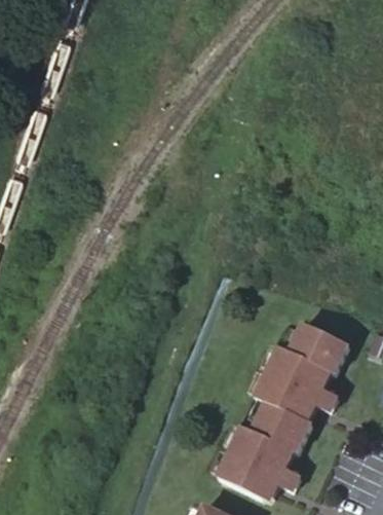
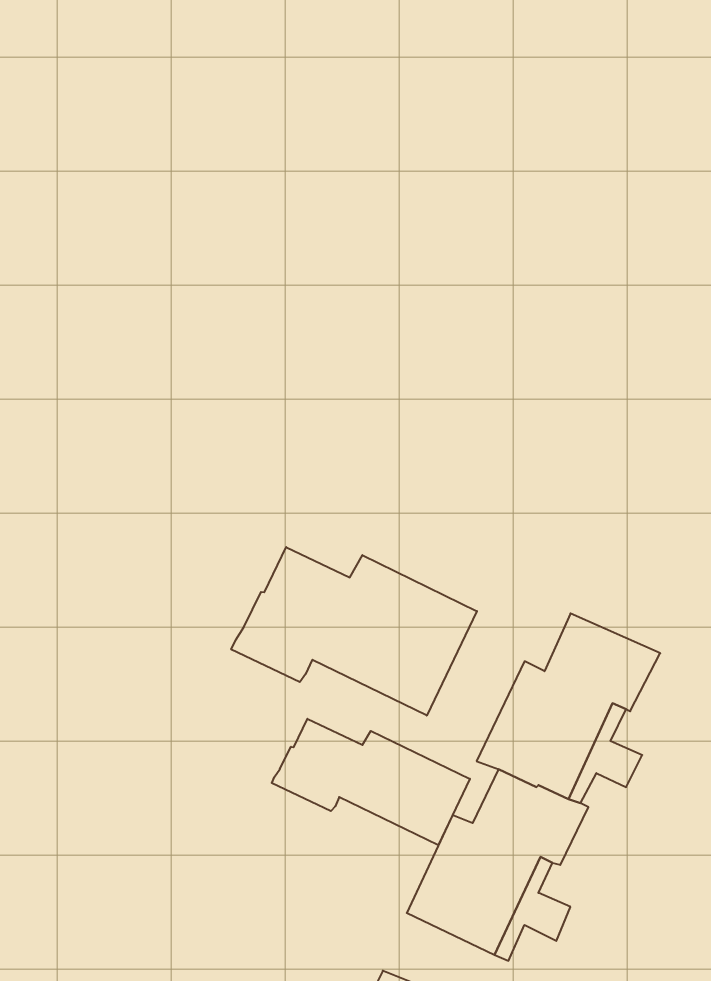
building: none -> [231,547,477,716]
building: none -> [272,719,470,845]

